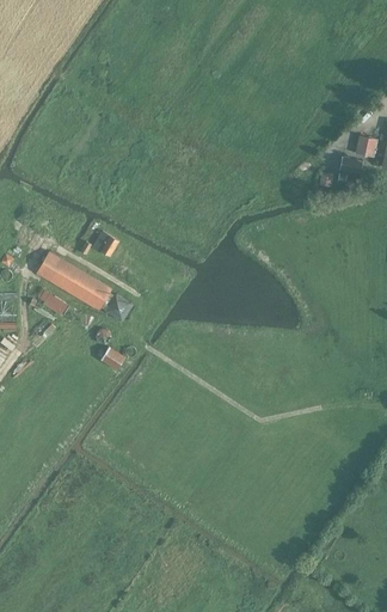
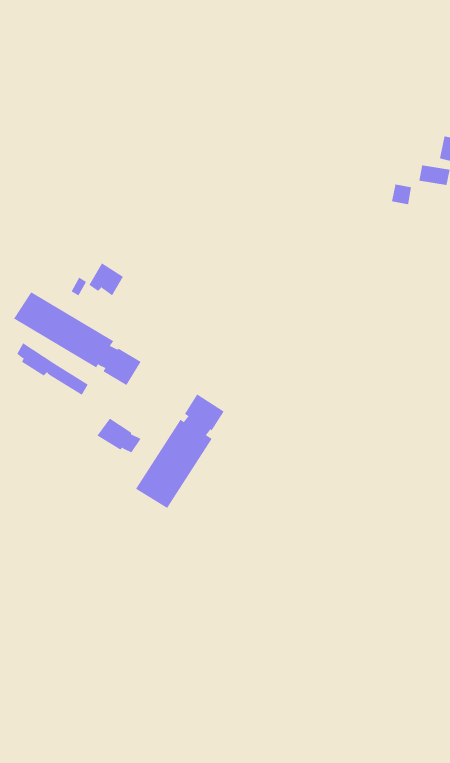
building: none -> [135,394,225,509]

